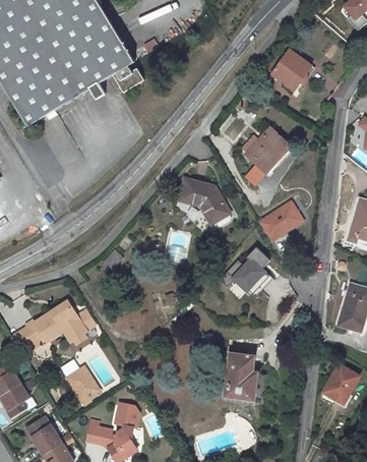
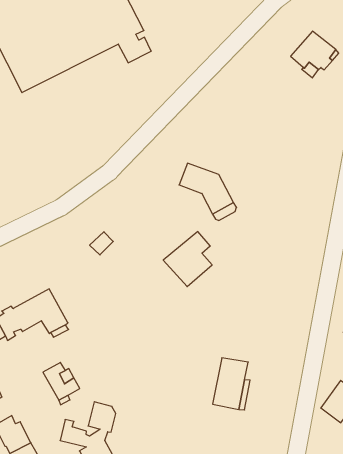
building: [240,127,287,173] -> none
building: [256,197,304,240] -> none
building: [226,245,270,296] -> [163,232,212,287]

